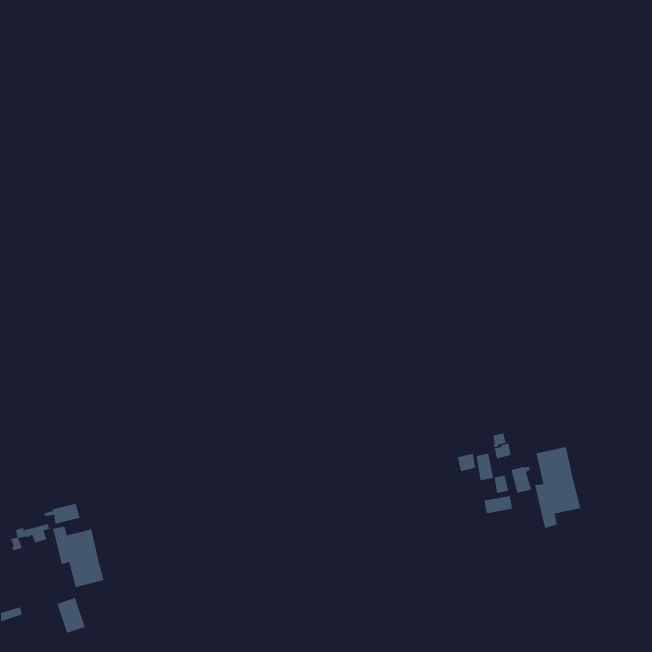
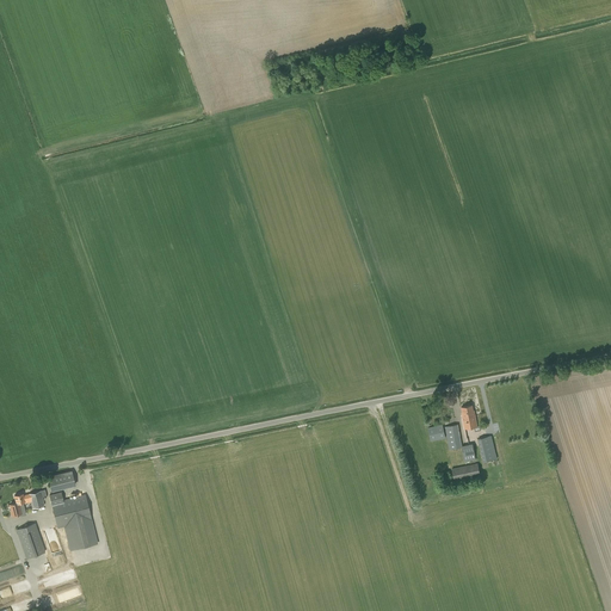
building: [534,446,581,529] -> none
building: [56,597,86,634] -> [17,524,44,558]

